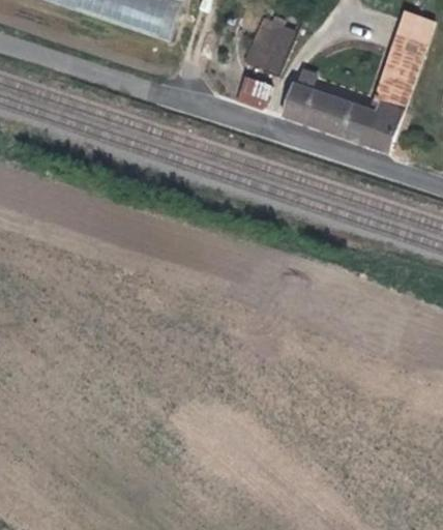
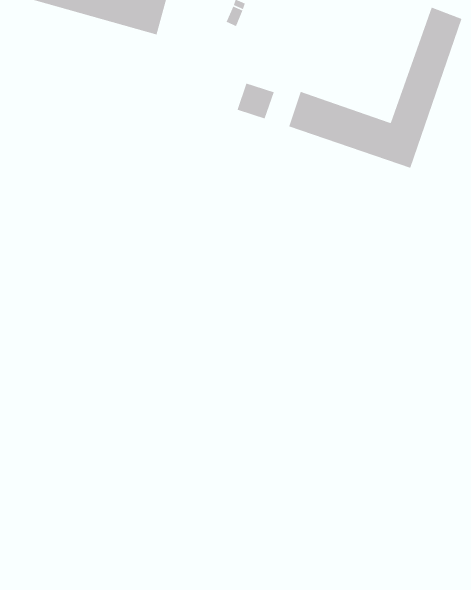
building: [248,17,294,69] -> none

